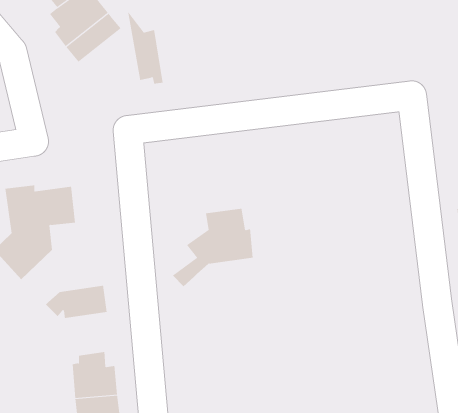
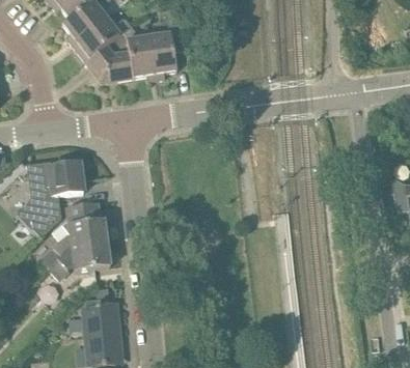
building: none -> [86,19,136,83]
building: none -> [148,21,187,79]
building: [172,208,254,287] -> [40,203,107,267]

